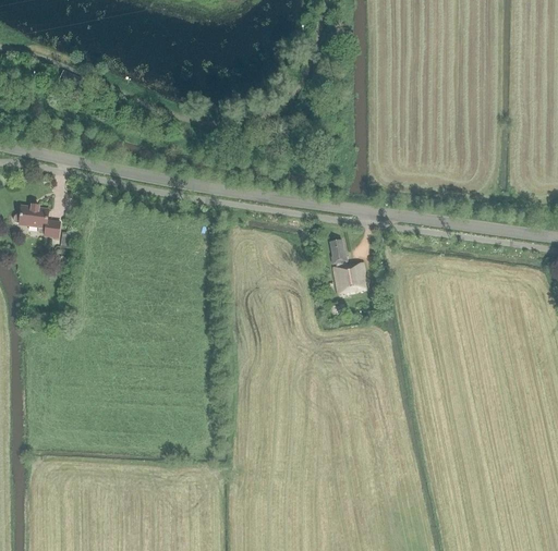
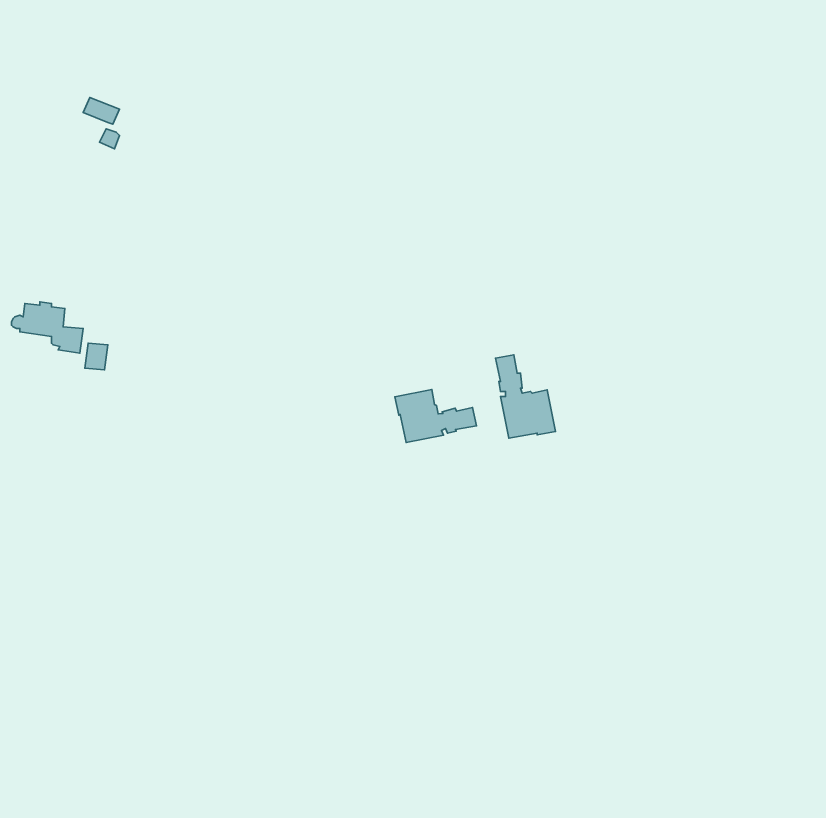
building: none -> [395,390,476,442]

